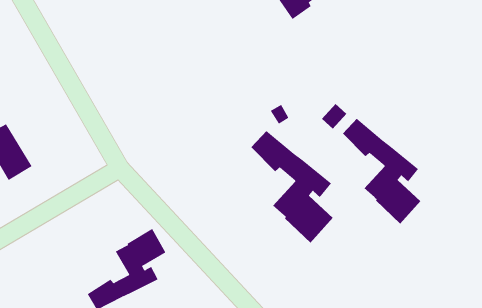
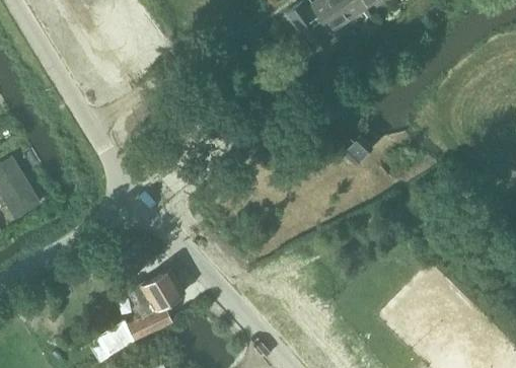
building: [342,118,421,224] -> none
building: [250,130,334,243] -> none

